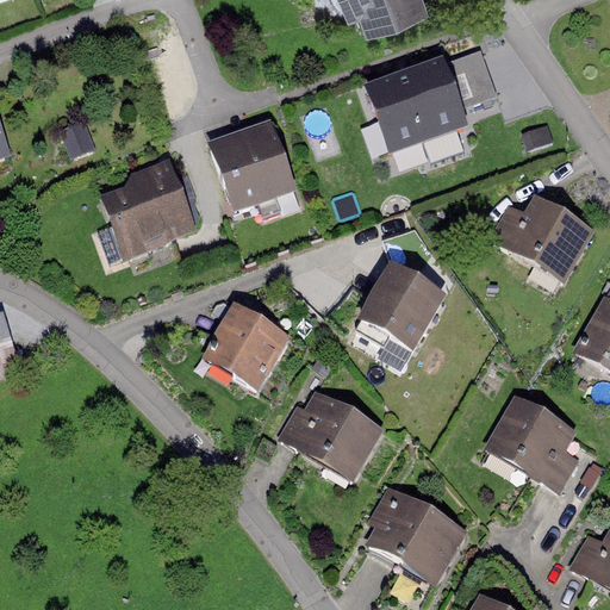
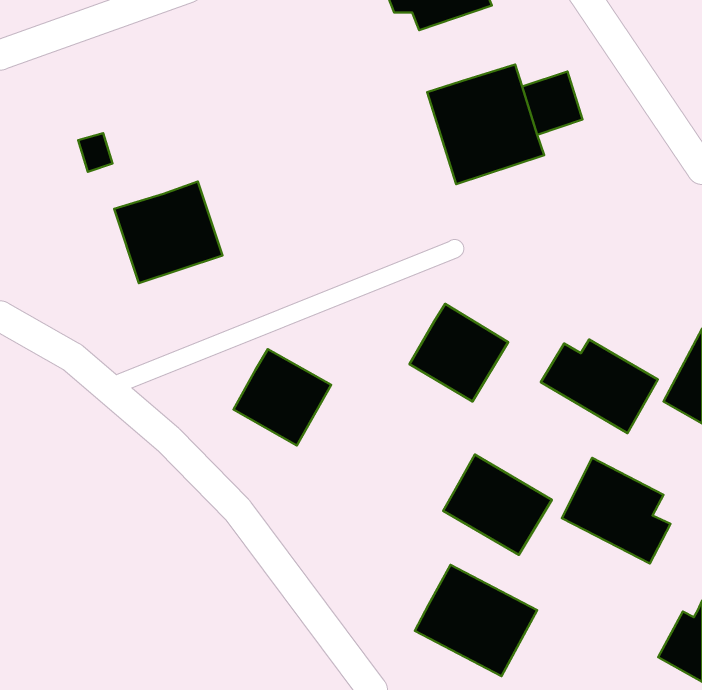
building: [207,118,298,213] -> none
building: [488,199,590,280] -> [541,340,658,433]
building: [285,387,379,474] -> [443,455,552,555]

